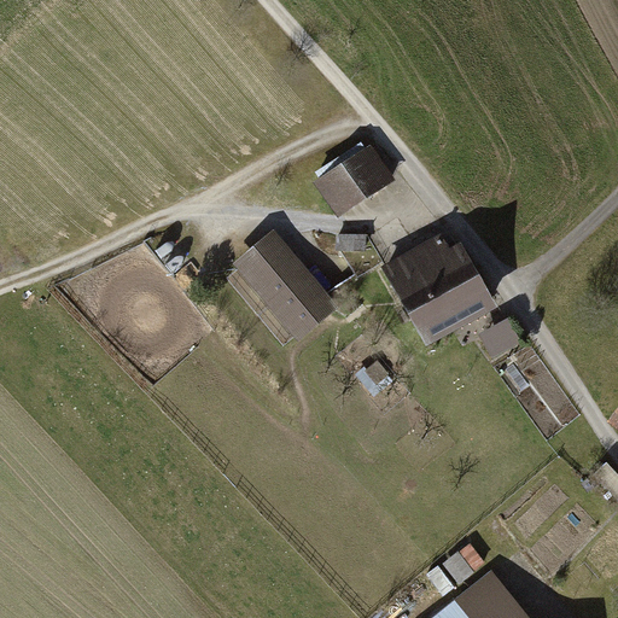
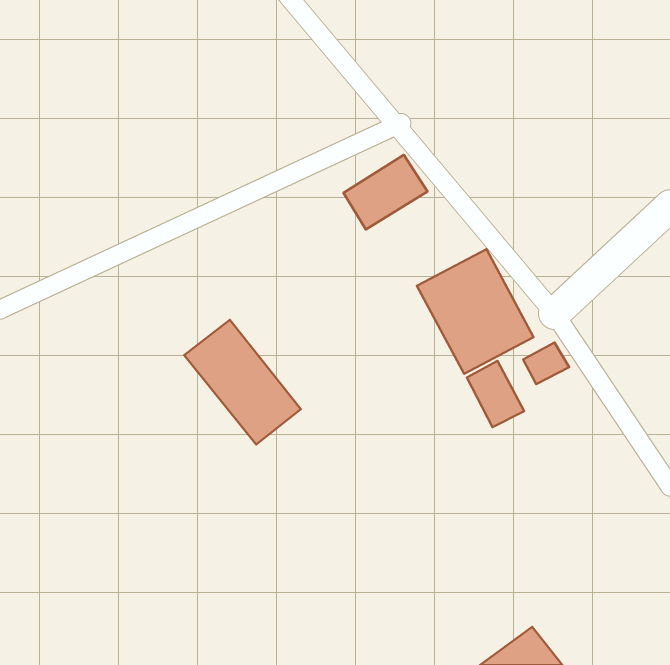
building: [231,228,338,343] -> [184,320,301,444]
building: none -> [467,361,524,427]

